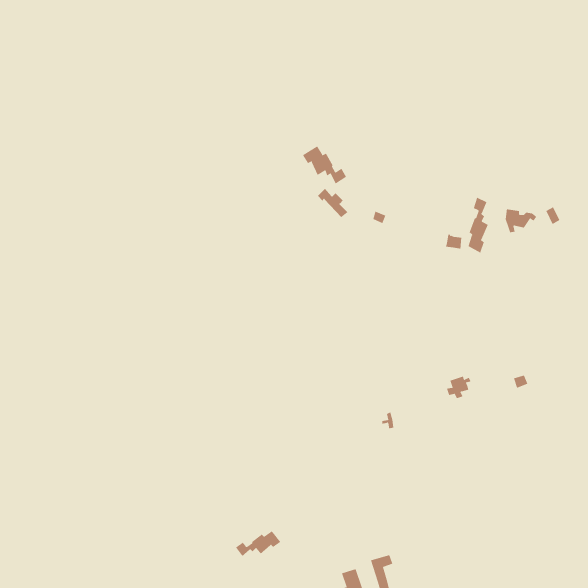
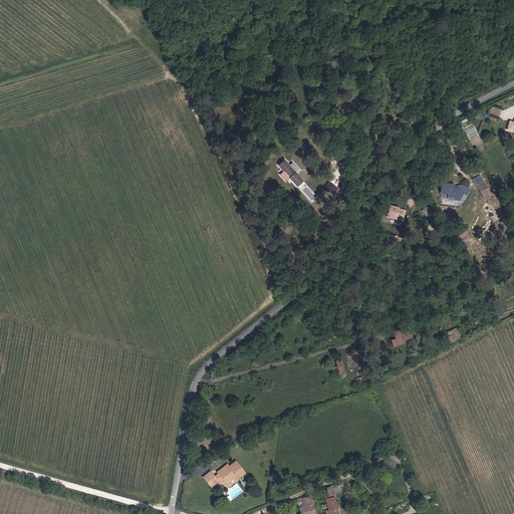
building: [302,145,347,185] -> none
building: [468,197,489,253] -> none

